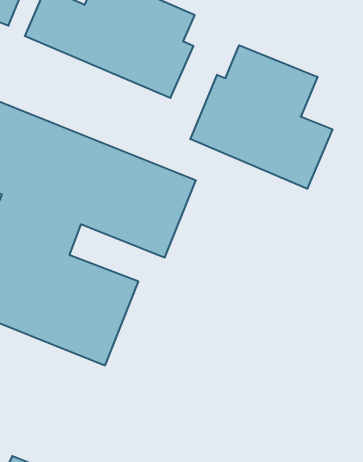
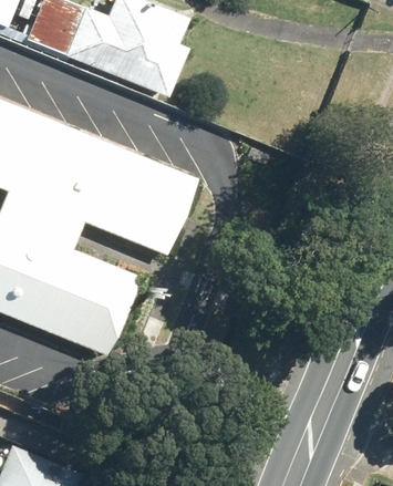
building: [190,45,332,189] -> none

